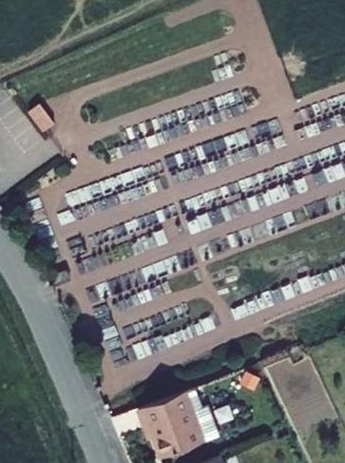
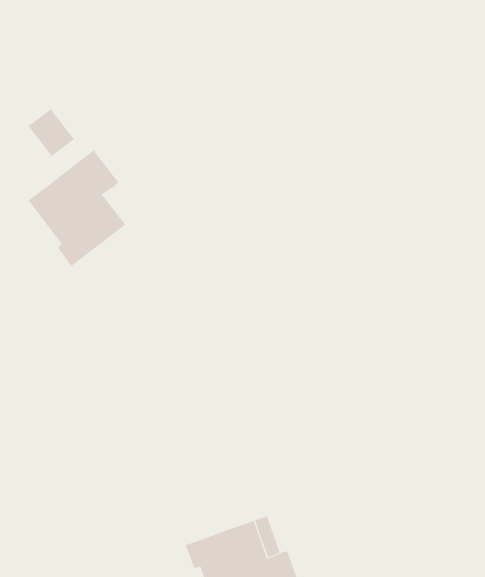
building: none -> [28,149,126,267]

